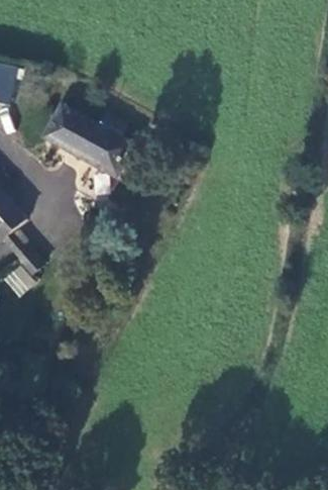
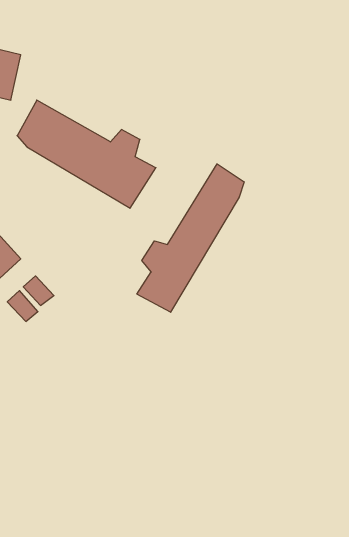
building: none -> [137,164,244,312]

